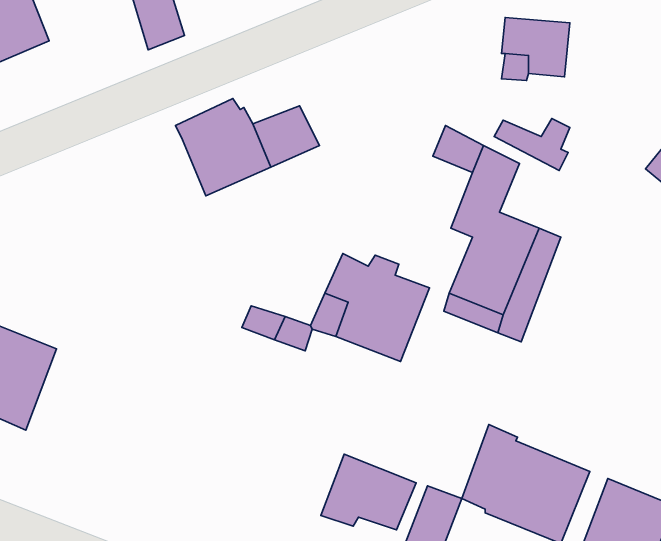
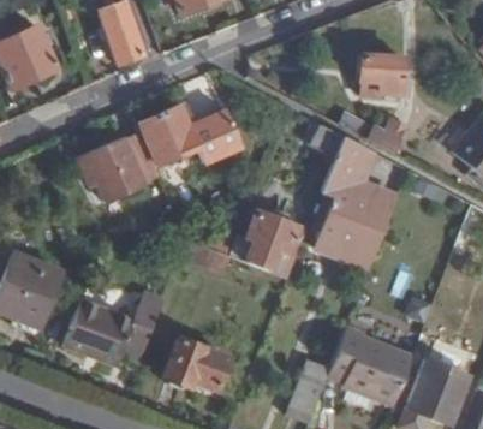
building: none -> [77,133,160,202]
building: none -> [65,291,166,363]
building: [321,454,416,530] -> [163,339,227,389]

